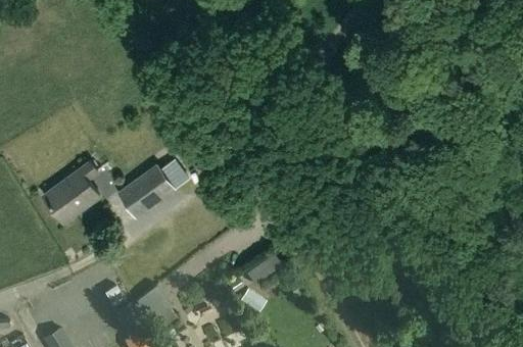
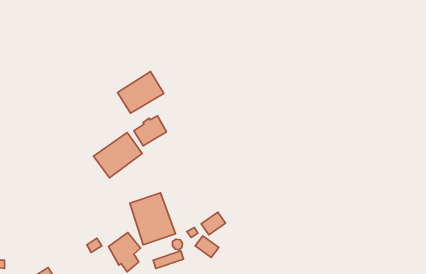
building: none -> [117,72,164,113]
building: [44,160,100,222] -> none
building: none -> [130,193,175,245]

